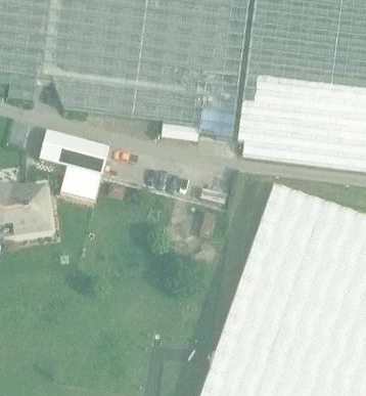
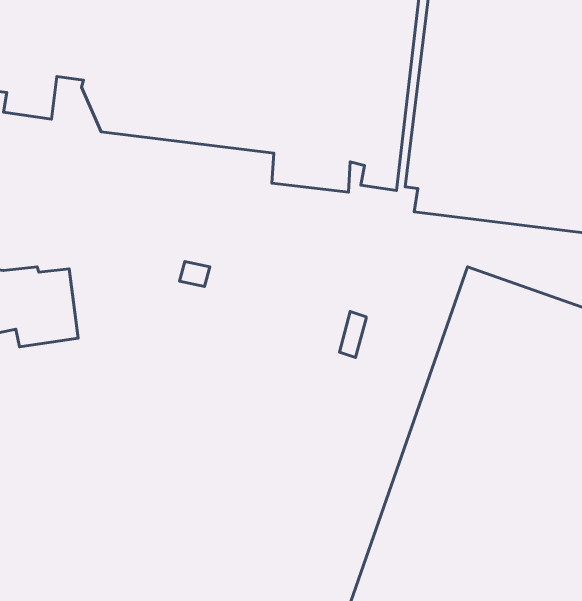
building: [39,128,109,200] -> none

